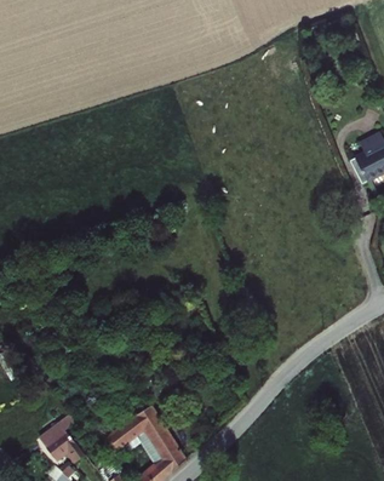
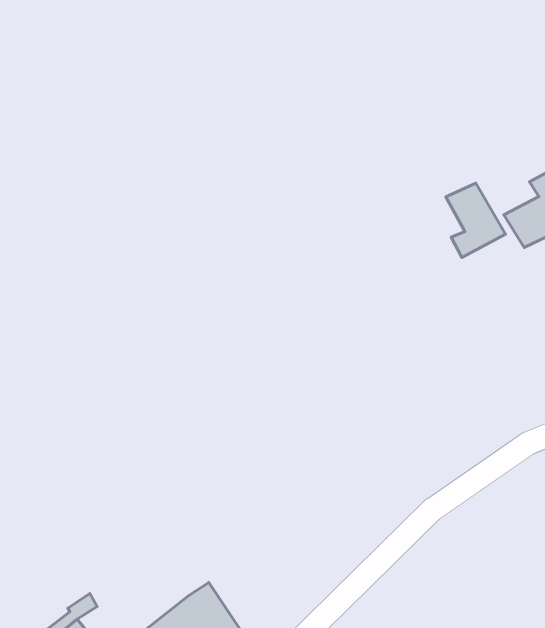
building: none -> [446,183,506,258]

